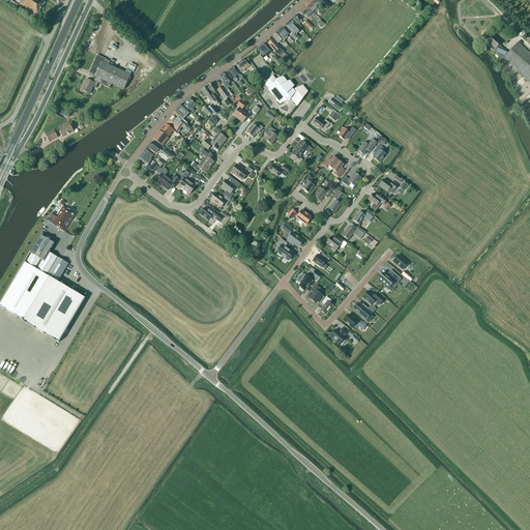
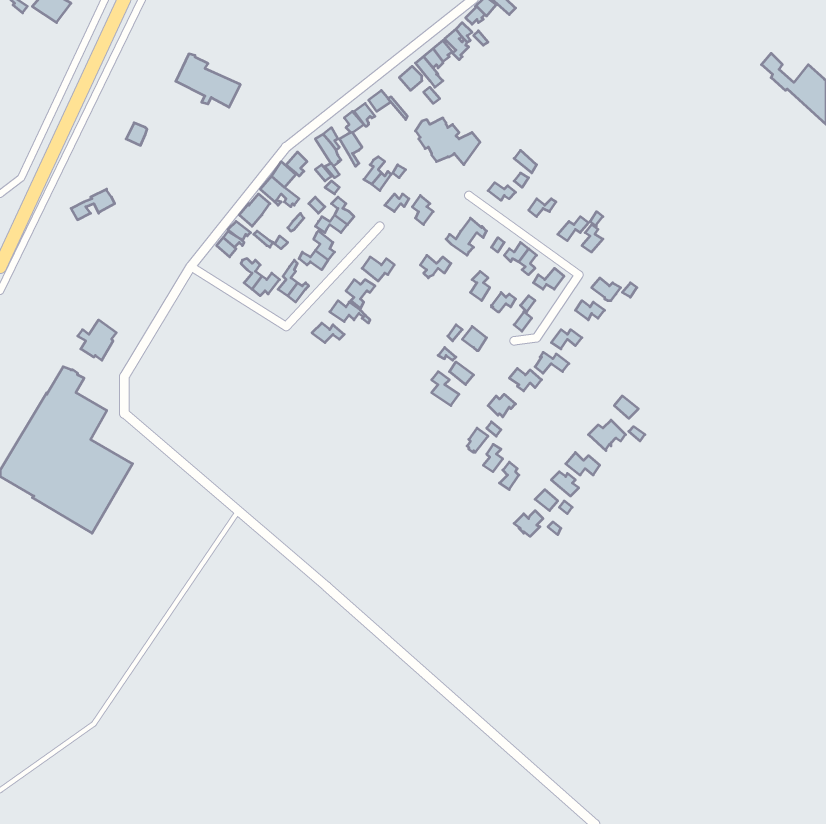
building: [89,55,130,89] -> [176,54,240,107]

